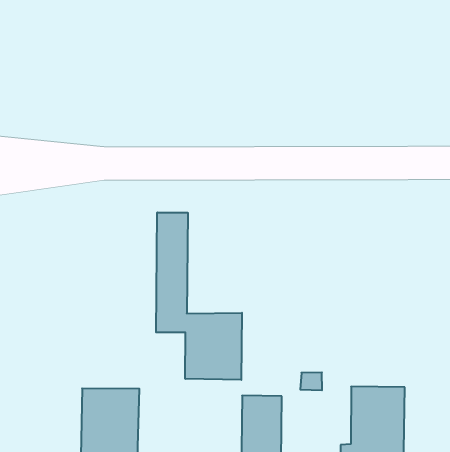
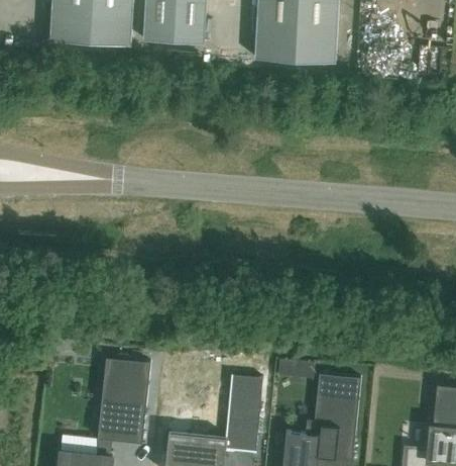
building: [156,212,242,380] -> none

